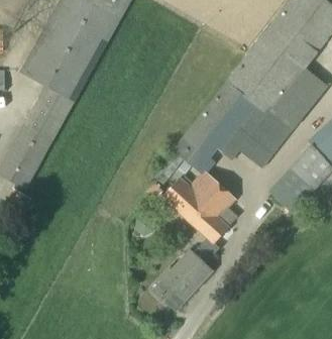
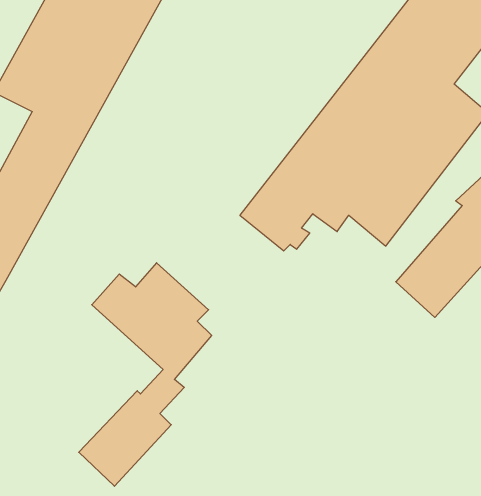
building: [154,171,237,310] -> [79,263,212,486]

